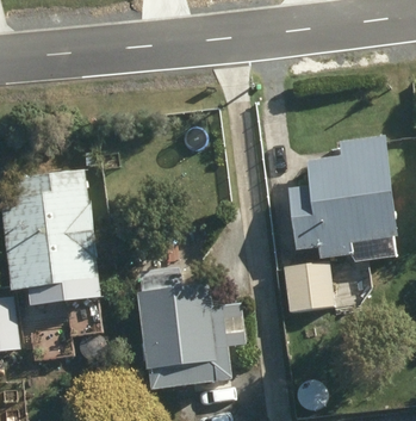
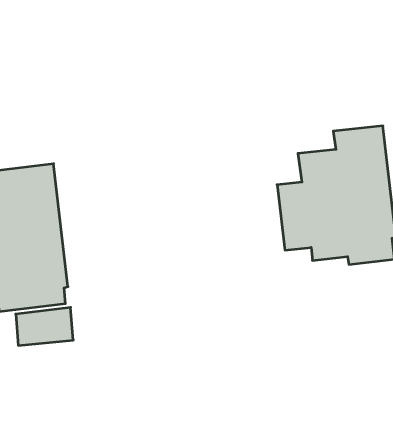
building: [285,262,334,314] -> none
building: [136,267,231,390] -> none

